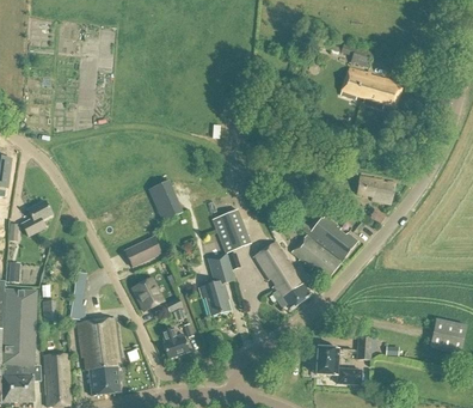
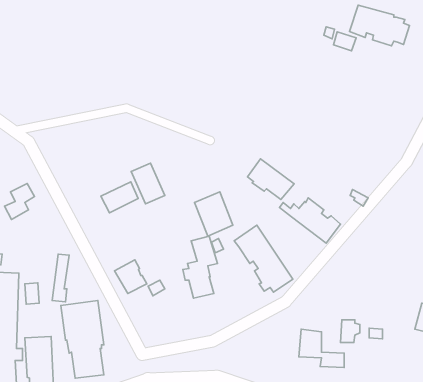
building: [340,67,400,108] -> [350,5,409,46]
building: [356,175,394,203] -> none
building: [124,236,161,267] -> [101,182,138,213]
building: [294,237,340,278] -> [247,159,294,199]
building: [161,327,189,358] -> none

